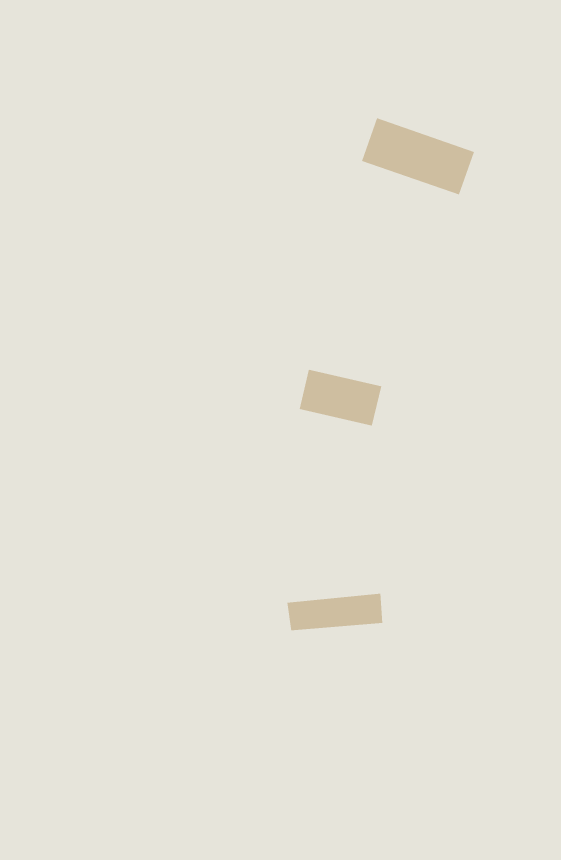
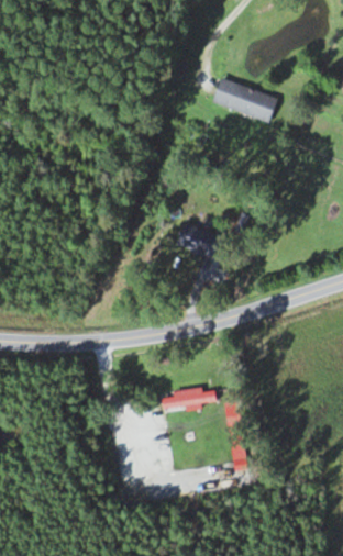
building: [287,593,383,631] -> [162,389,218,411]

